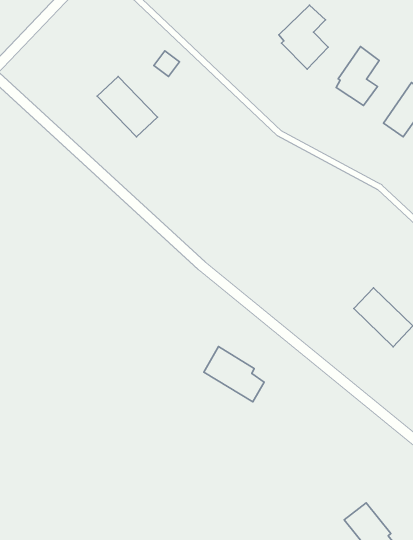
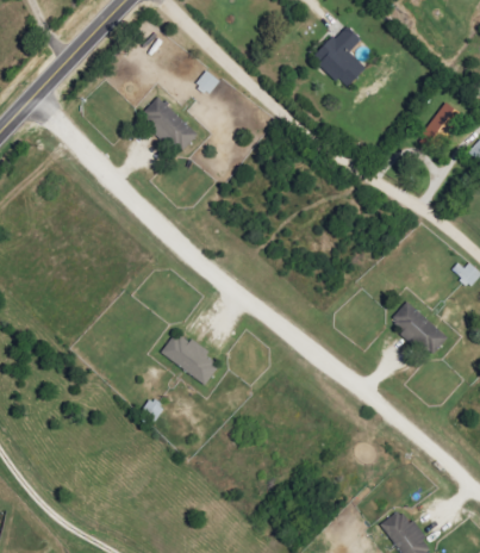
building: [336,46,379,105] -> none
building: [204,347,264,402] -> [161,330,219,384]

